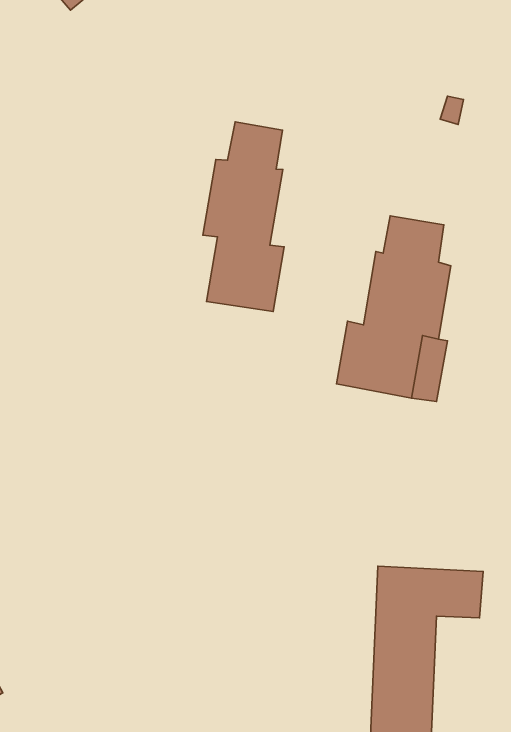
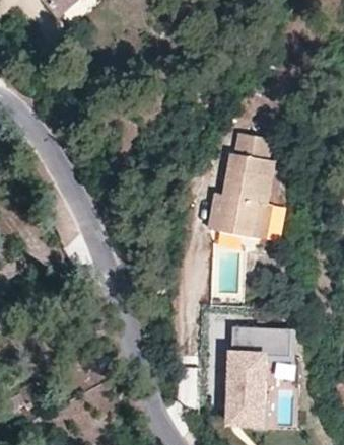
building: [203,122,284,311] -> none

